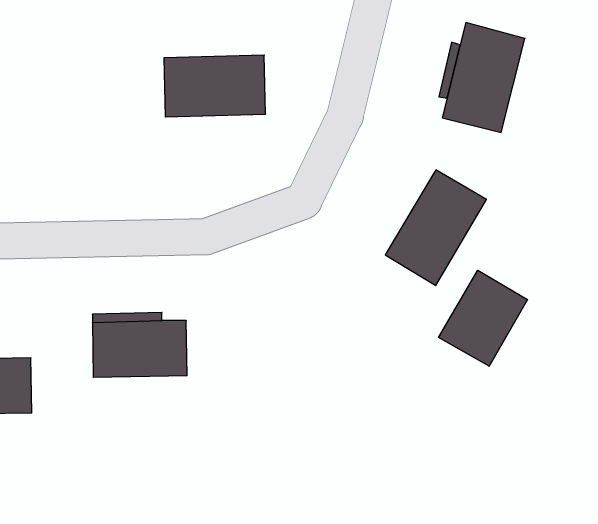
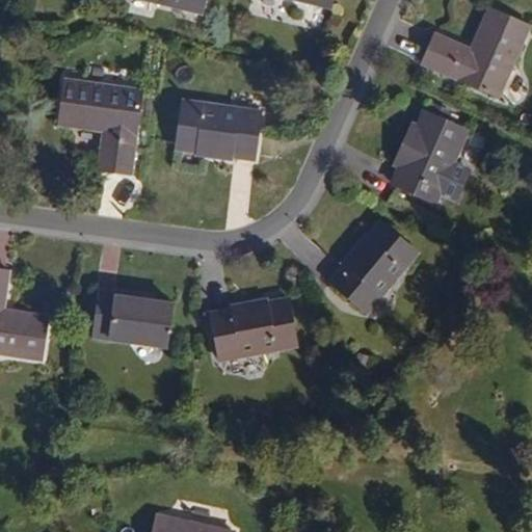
building: none -> [61,81,141,171]
building: [439,270,527,366] -> none
building: none -> [211,298,297,362]

